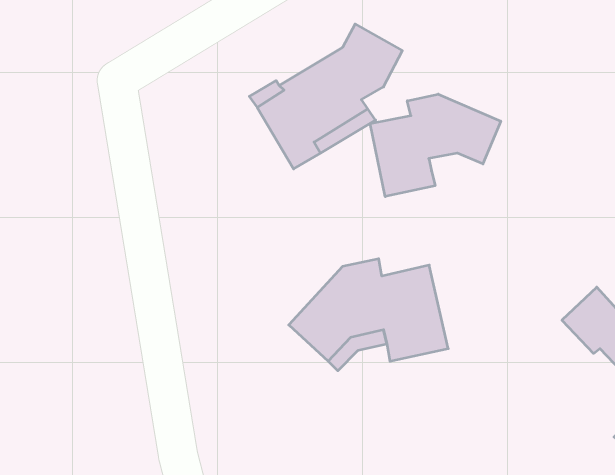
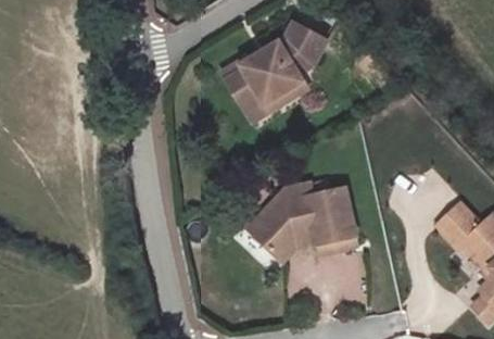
building: [370,94,501,197] -> none

